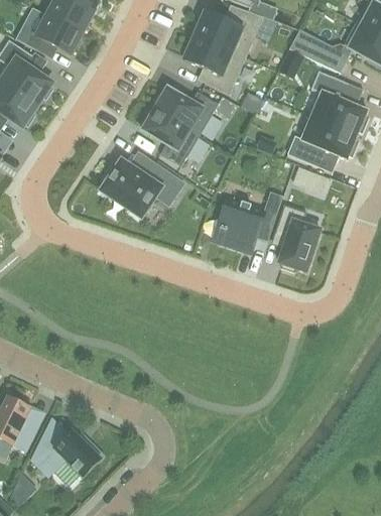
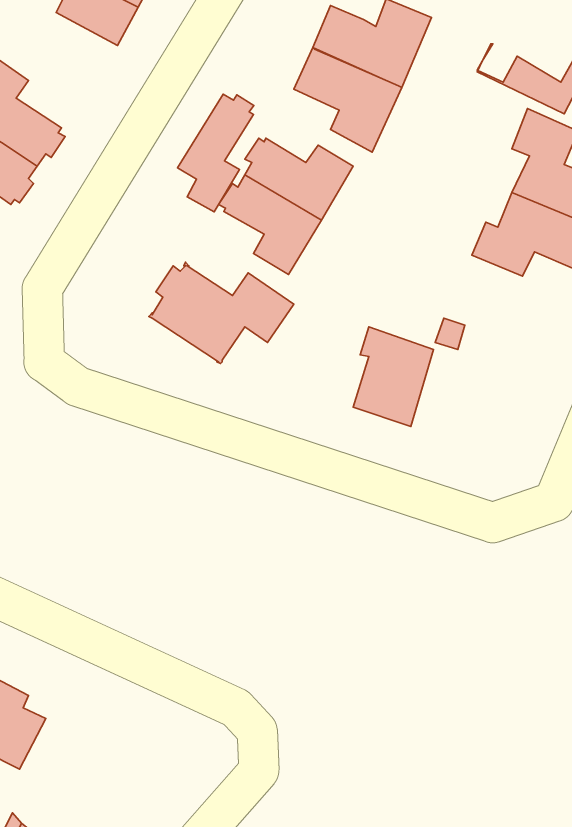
building: [22,14,82,54] -> none
building: none -> [178,94,254,212]
building: [272,206,321,273] -> none
building: [30,429,104,477] -> none

